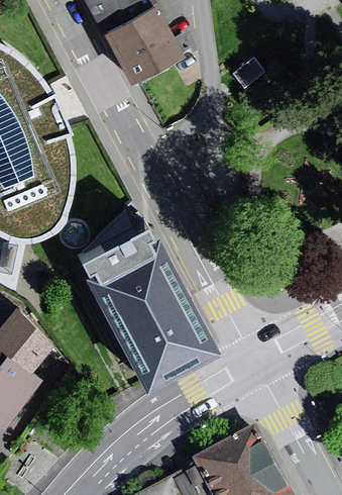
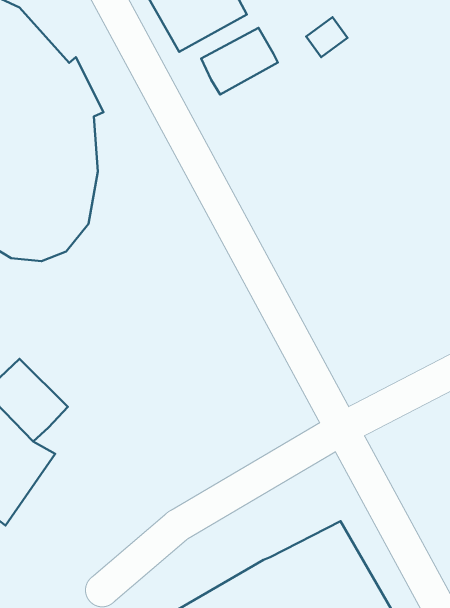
building: none -> [201,28,278,94]
building: [72,217,208,380] -> none

